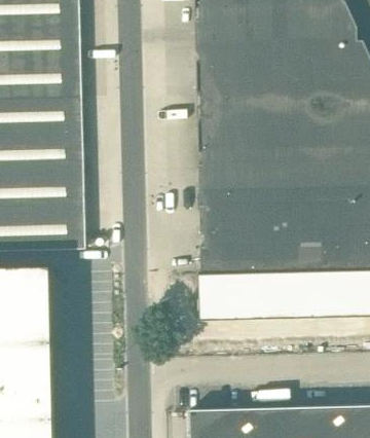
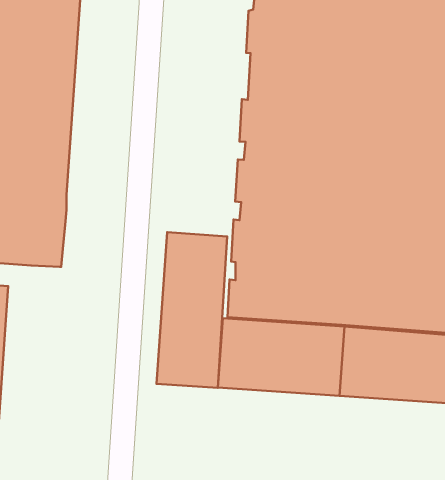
building: none -> [156,232,227,388]

